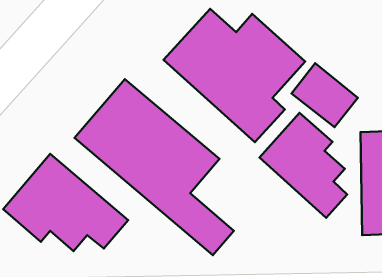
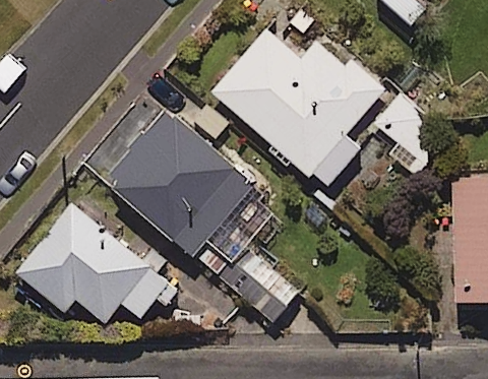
building: [259,113,347,218] -> none

